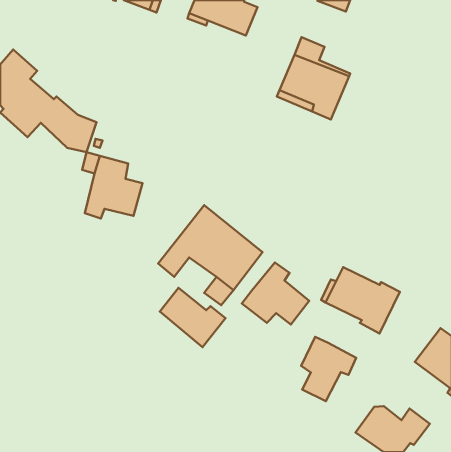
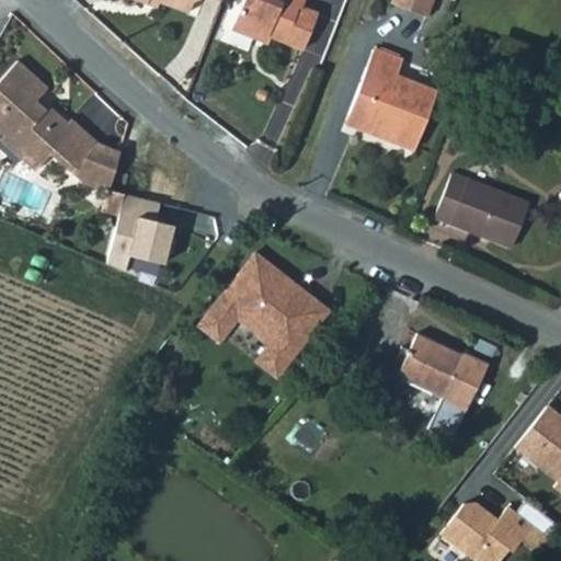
building: none -> [434,173,528,247]
building: [242,263,309,325] -> none
building: [160,288,225,347] -> none
building: [301,337,356,401] -> none

